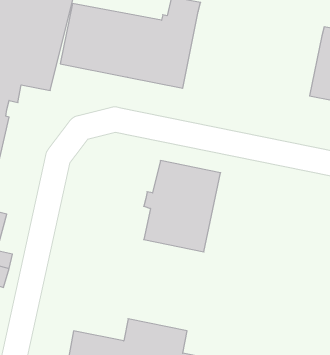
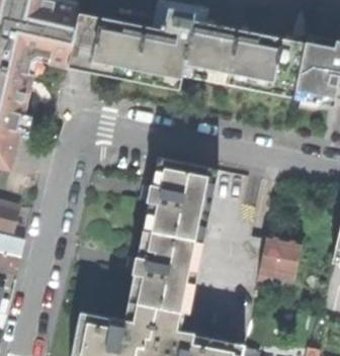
building: none -> [181,21,305,98]
building: none -> [129,229,197,312]
building: none -> [258,235,301,280]

